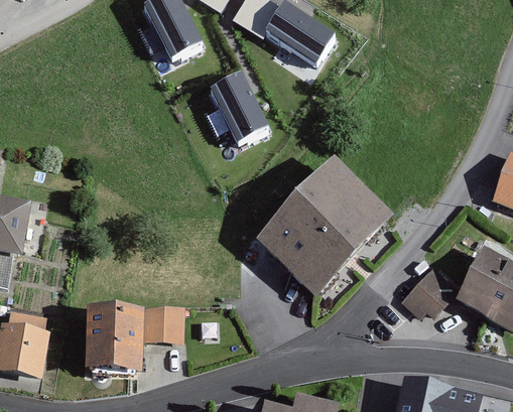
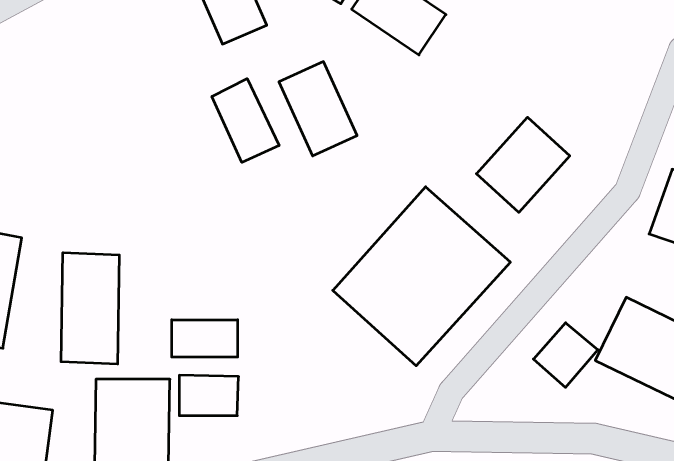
building: none -> [212,79,279,162]
building: none -> [476,117,570,212]
building: none -> [61,253,119,364]
building: none -> [172,320,238,357]

